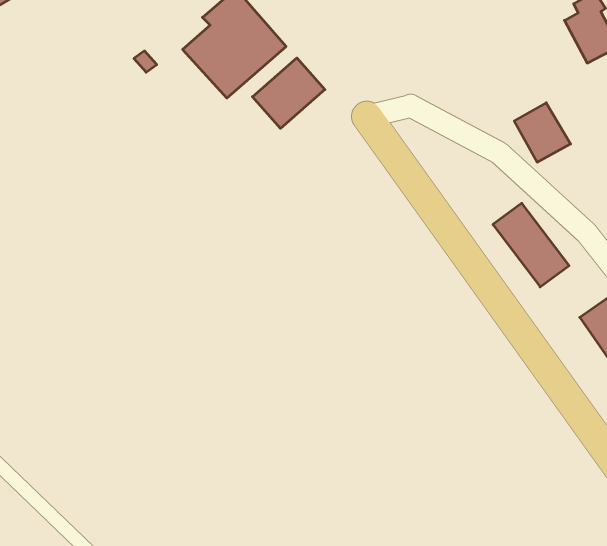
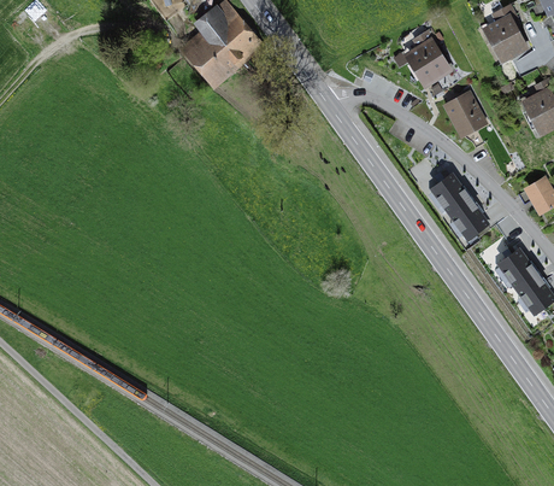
building: none -> [403,27,450,86]
building: [252,58,325,128] -> none

